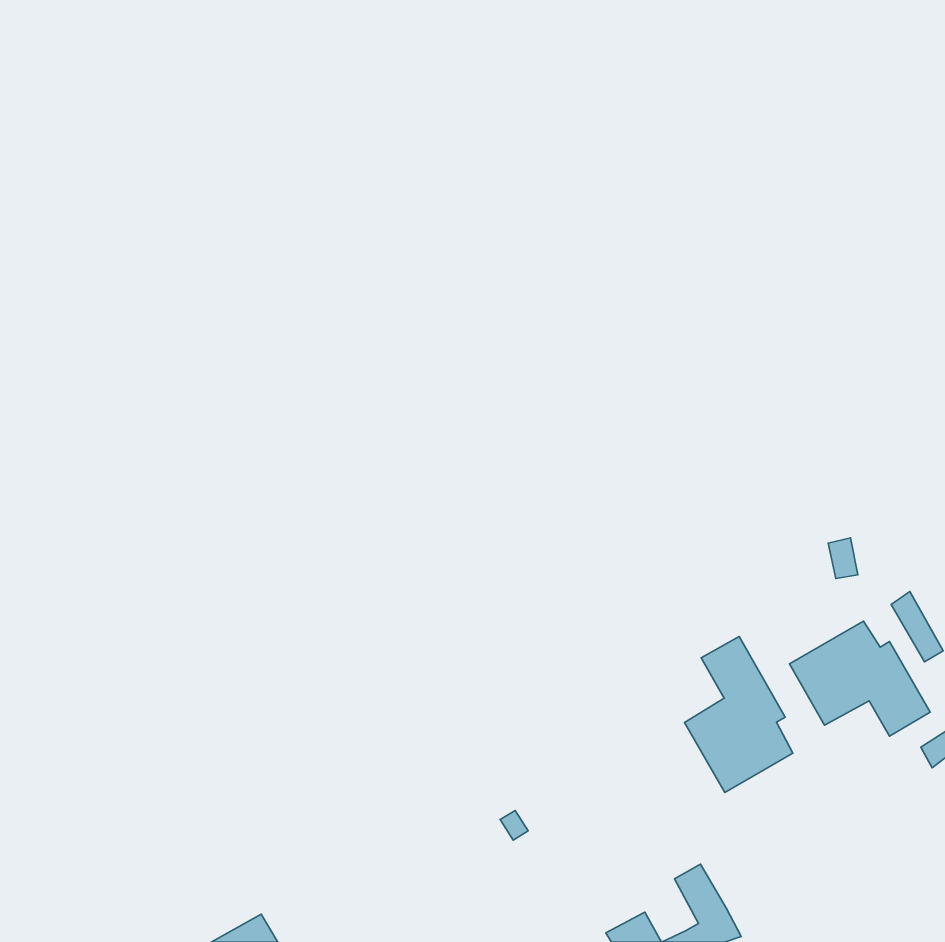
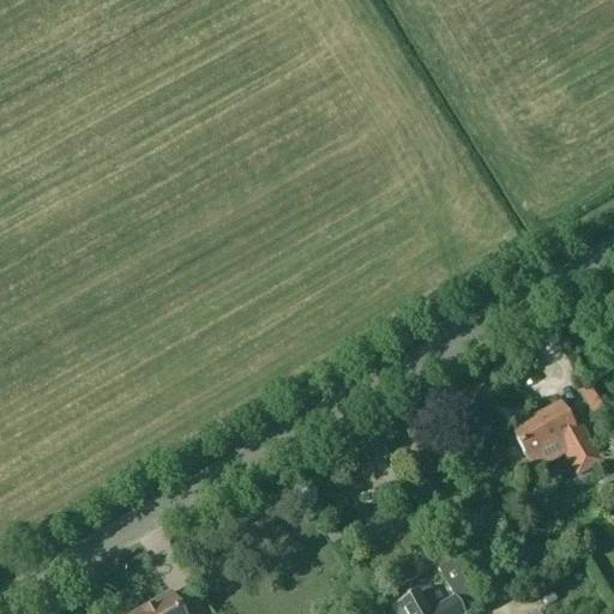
building: [685,636,793,793] -> none

